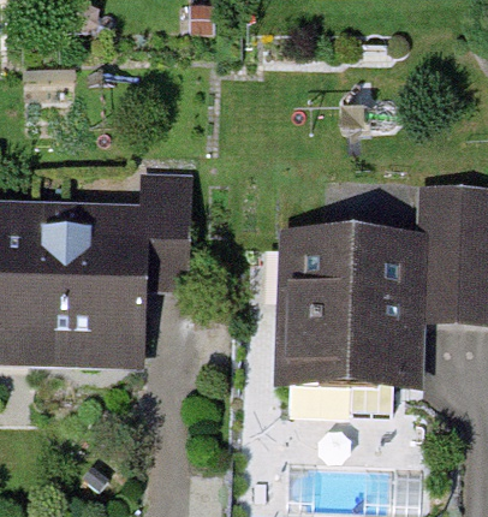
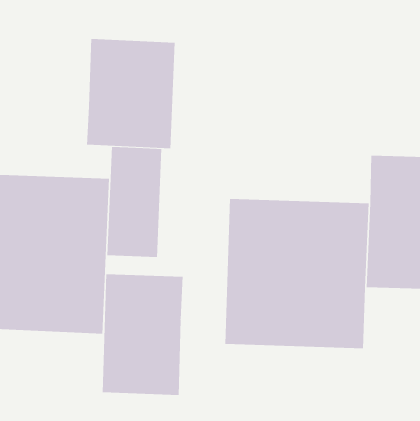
building: none -> [86,38,175,149]
building: none -> [102,273,183,396]

